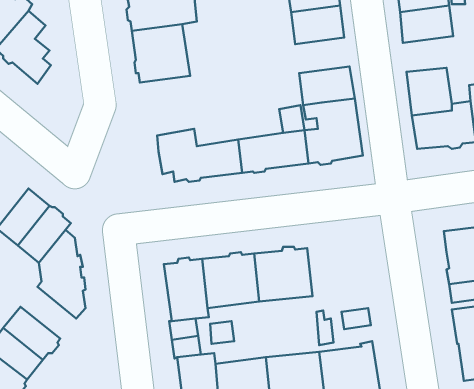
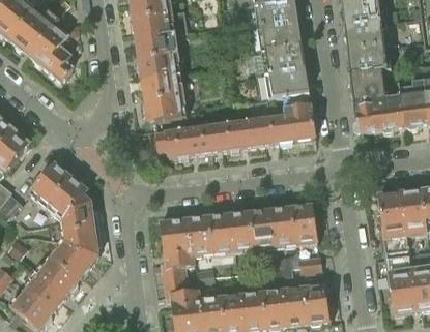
building: none -> [346,43,389,71]
building: none -> [262,44,305,72]
building: none -> [141,74,185,122]
building: none -> [271,203,317,246]
building: none -> [48,239,91,279]

